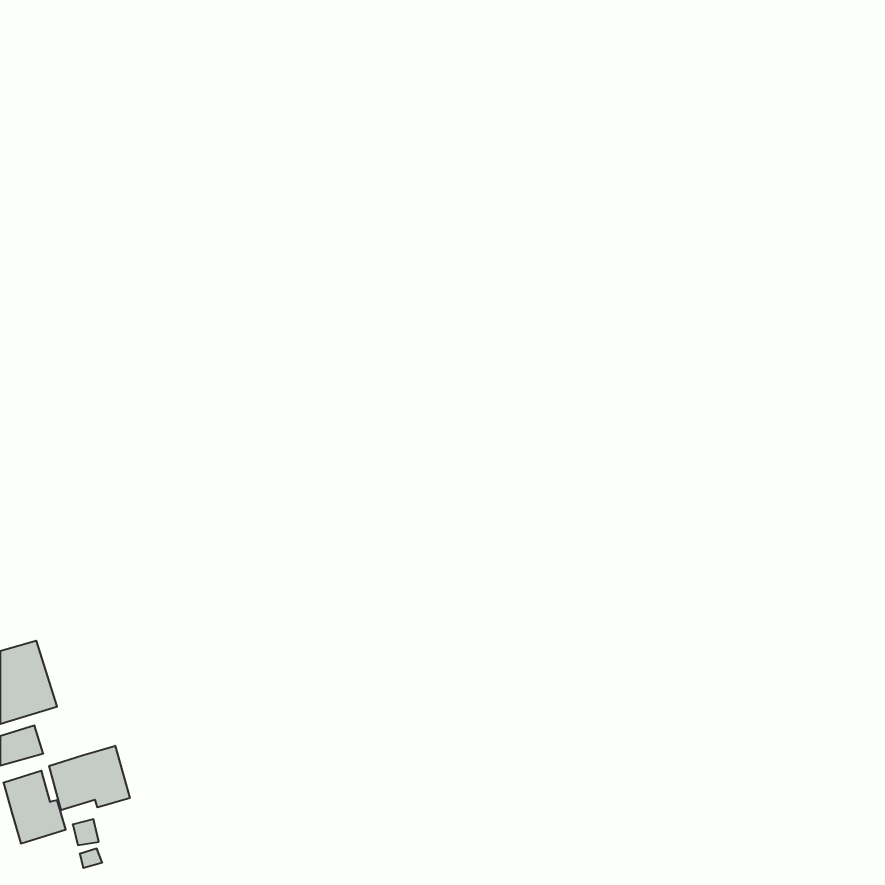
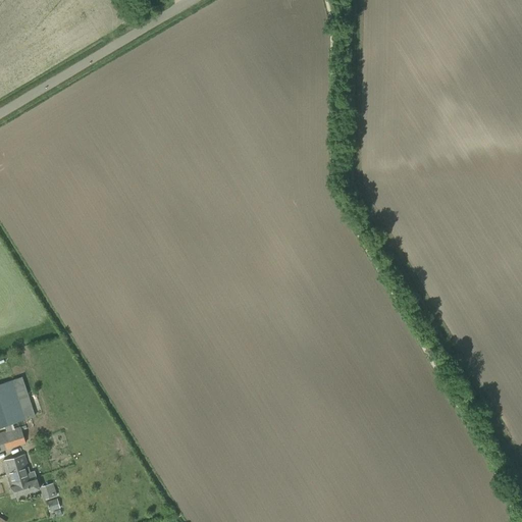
building: [49,746,130,810] -> none

